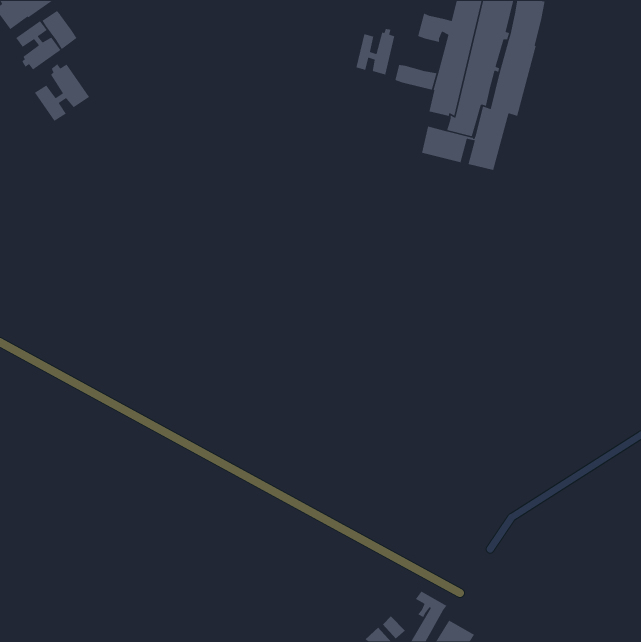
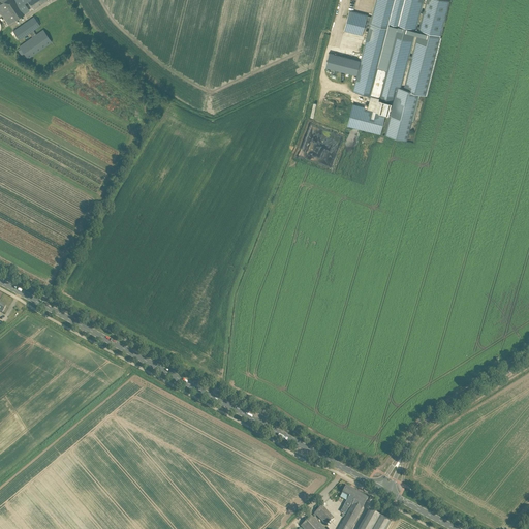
building: [42,10,77,50] -> none
building: [356,28,395,75] -> none
building: [34,63,90,122] -> none

